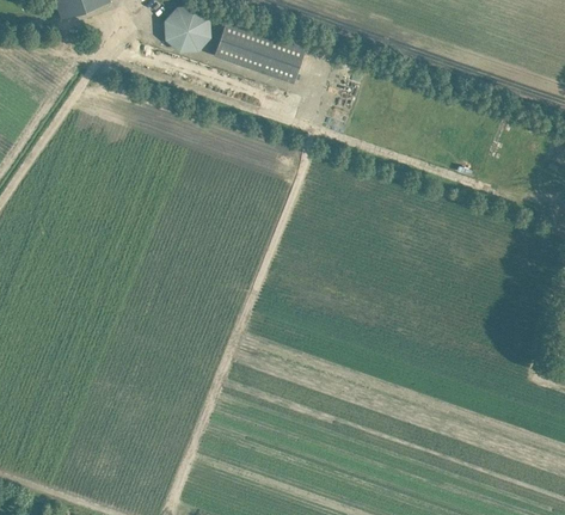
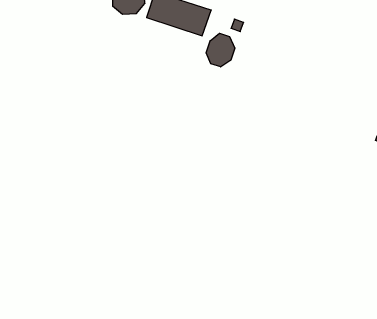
building: none -> [206,33,235,67]

